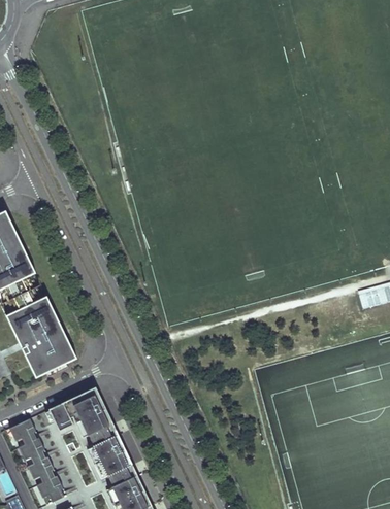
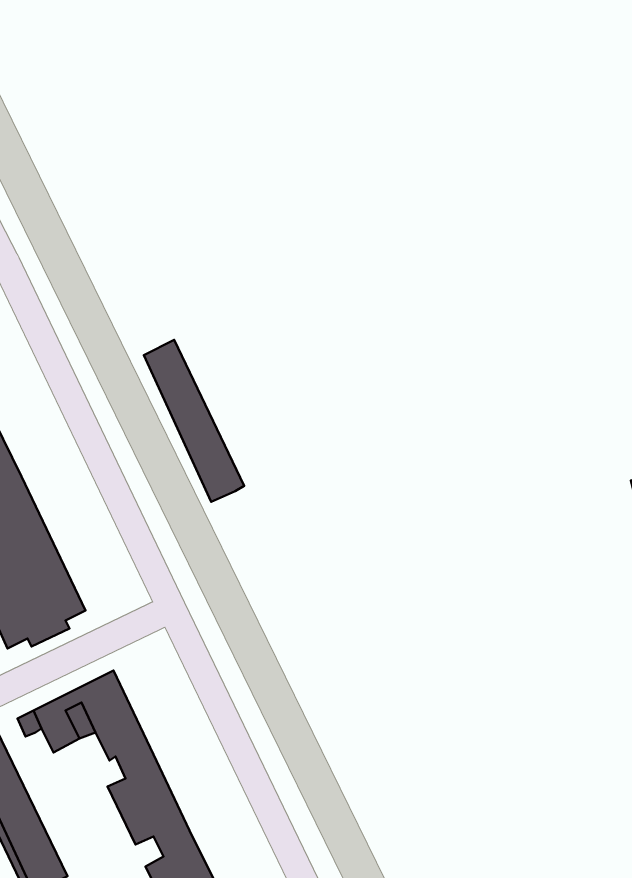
building: none -> [144,340,244,502]

